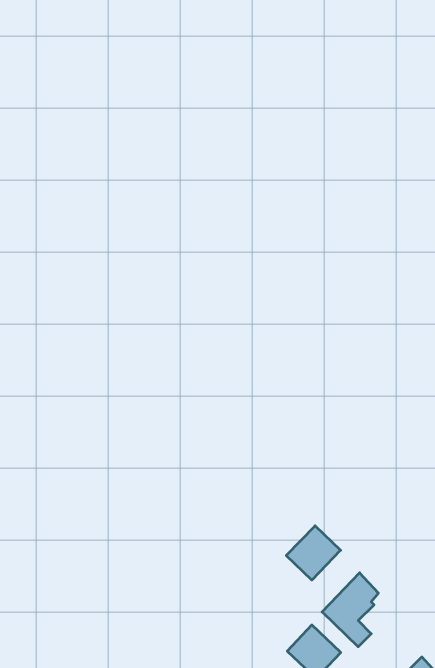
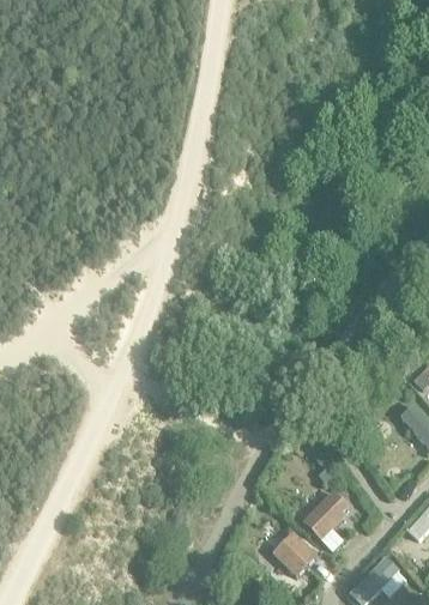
building: [286,526,341,580] -> none

